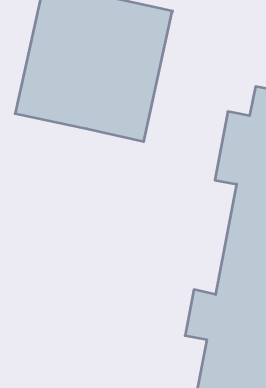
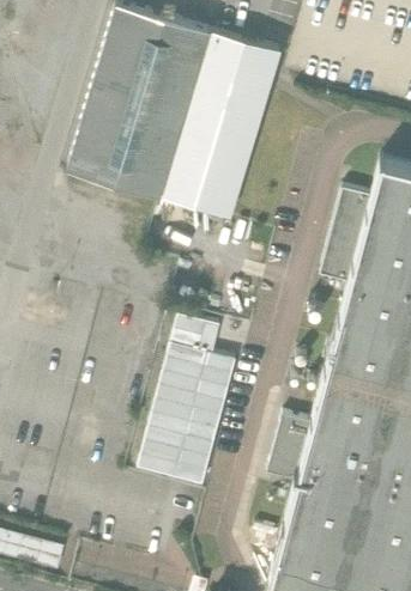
building: none -> [138,317,236,487]

